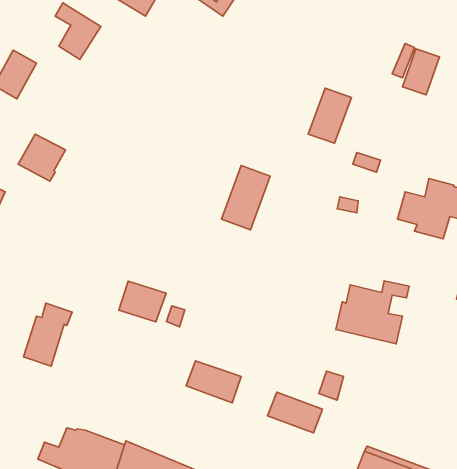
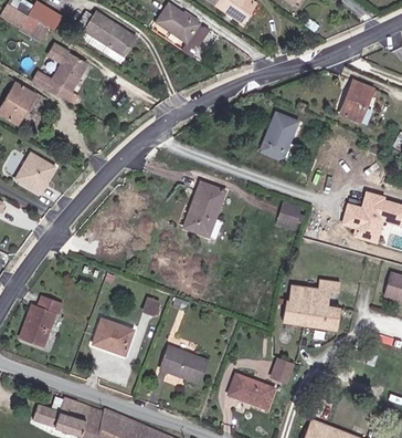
building: [119,281,166,322] -> [93,320,133,354]

